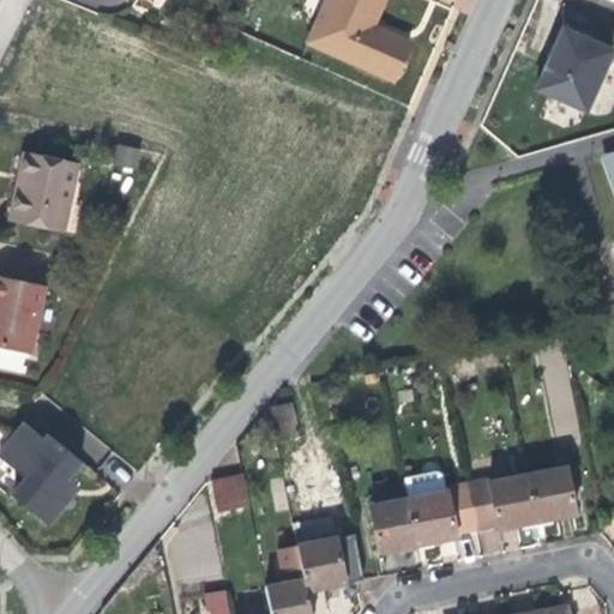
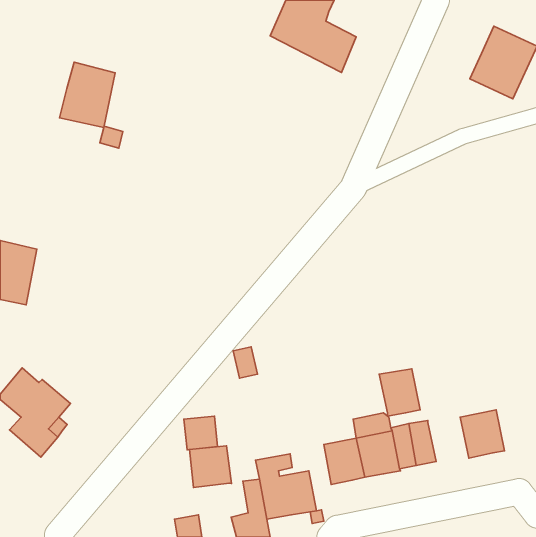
building: [11,155,74,229] -> [60,62,115,127]
building: [489,476,536,530] -> [379,369,420,416]
building: none -> [189,446,231,488]

